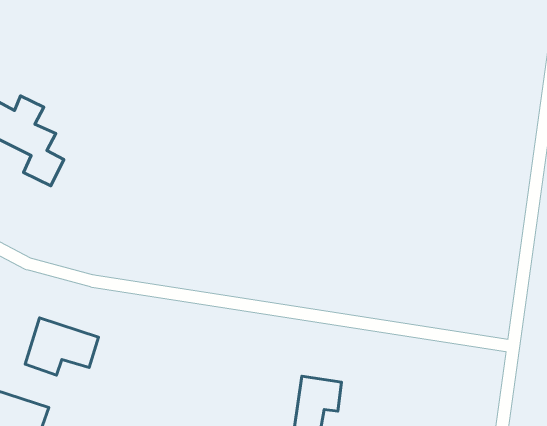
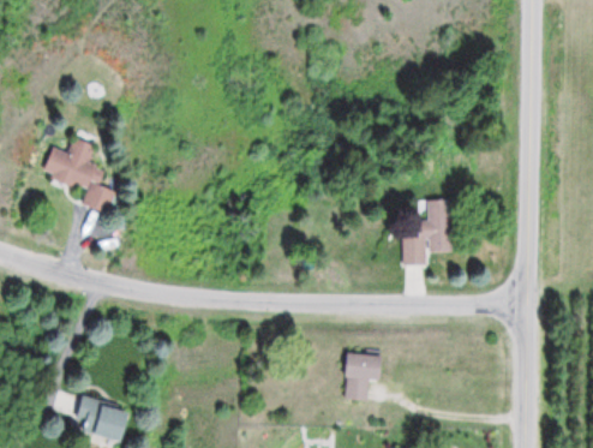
building: none -> [402,198,453,263]
building: [25,318,98,375] -> none

